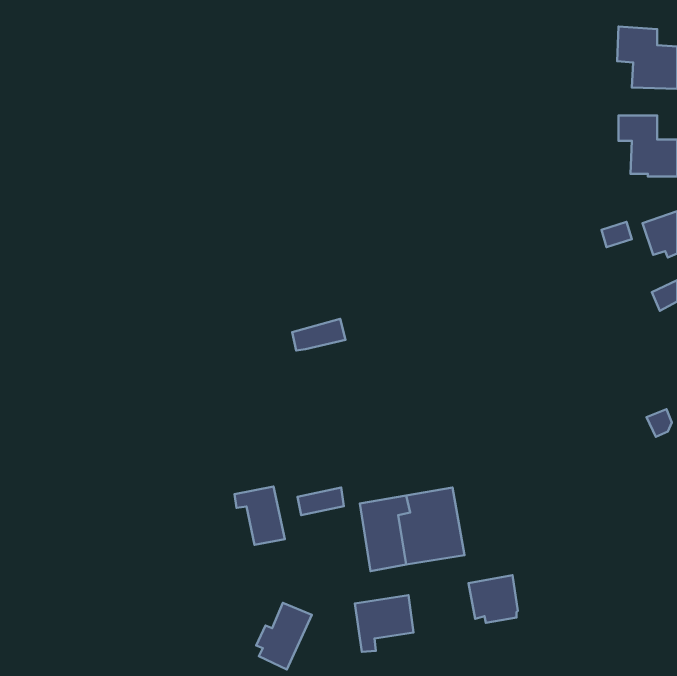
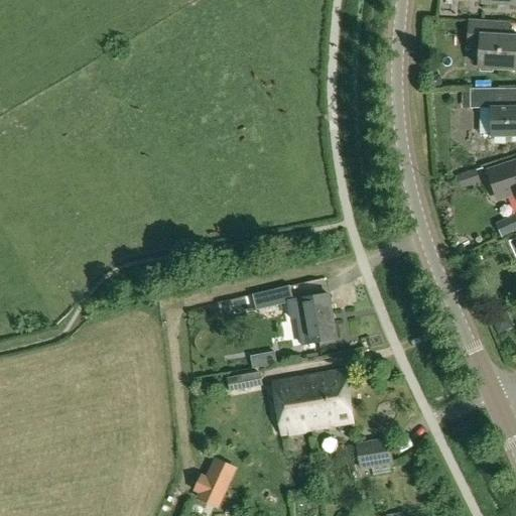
building: [292,319,345,351] -> [253,284,293,308]
building: none -> [299,293,336,344]
building: [235,486,285,545] -> none
building: [355,595,414,652] -> none

